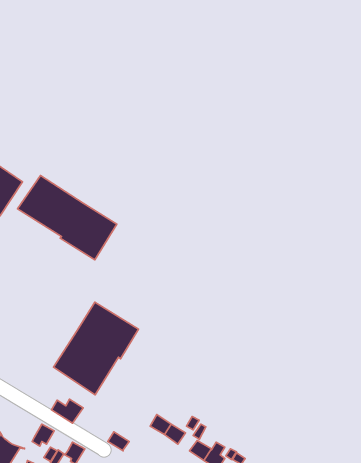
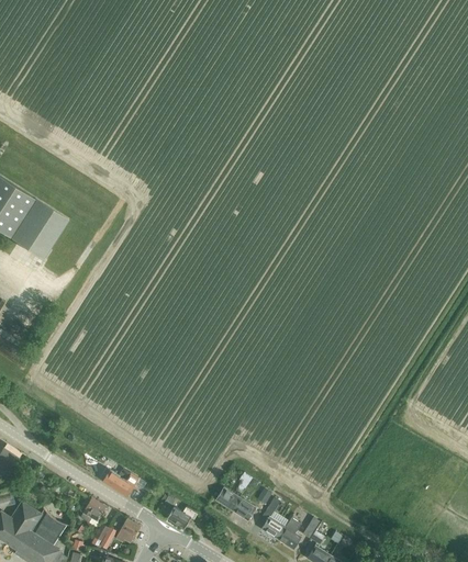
building: [18,175,117,260] -> none
building: [53,302,139,395] -> none

